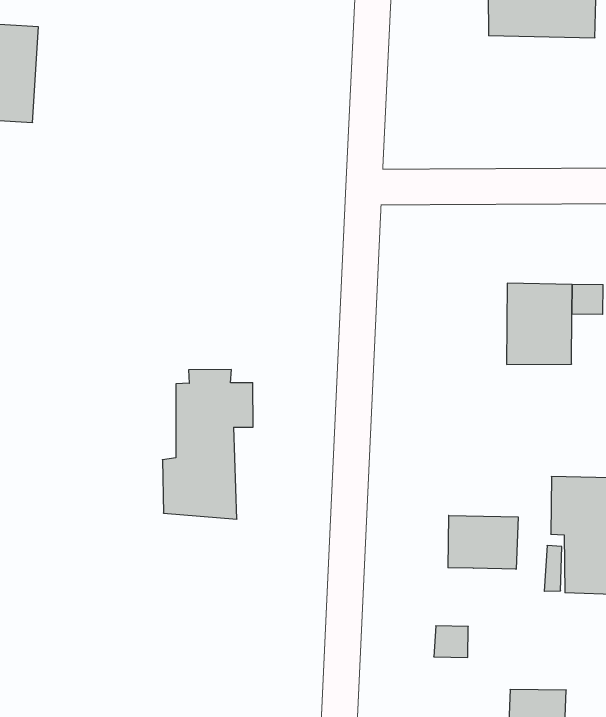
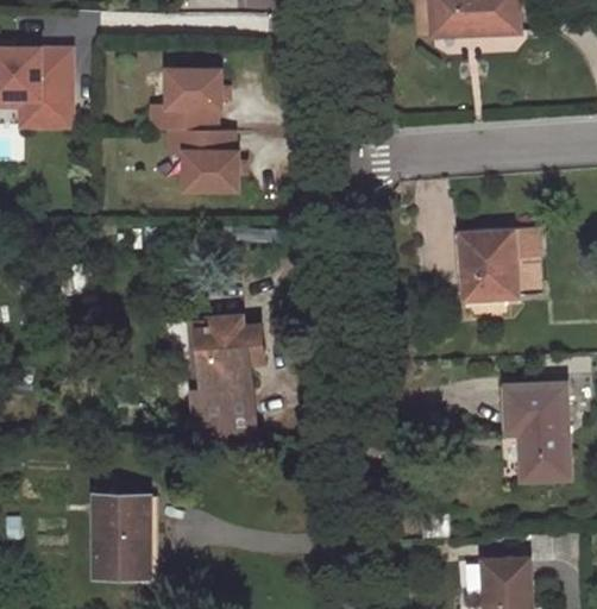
building: none -> [153,70,239,192]
building: [448,515,518,569] -> none
building: none -> [95,495,150,576]

